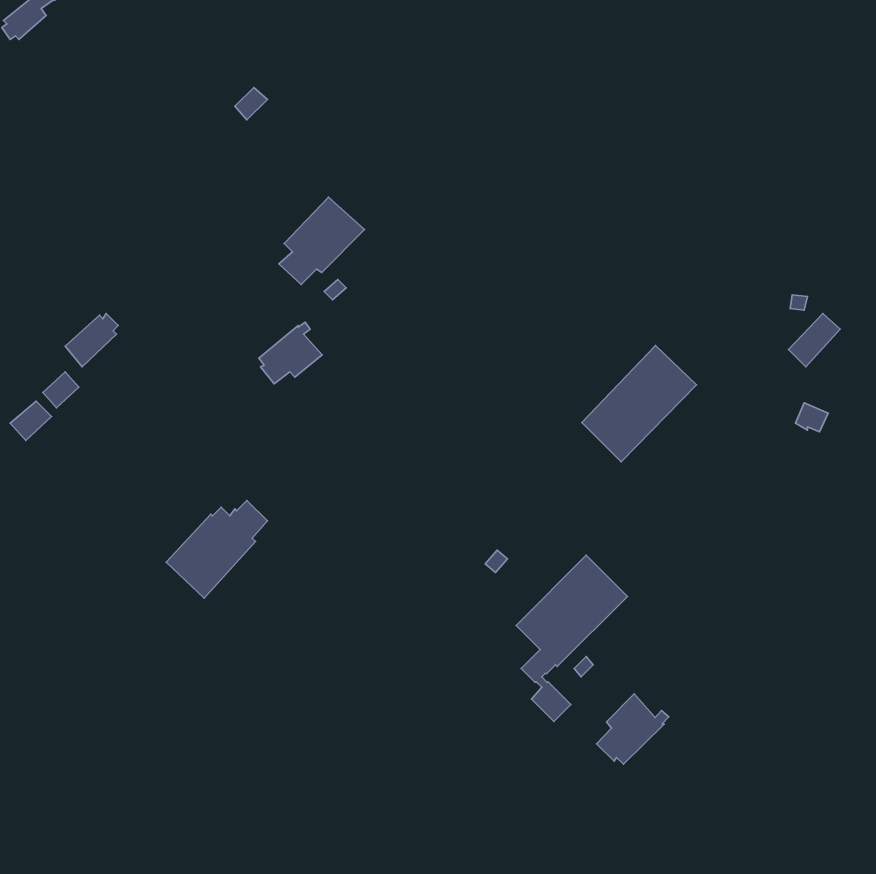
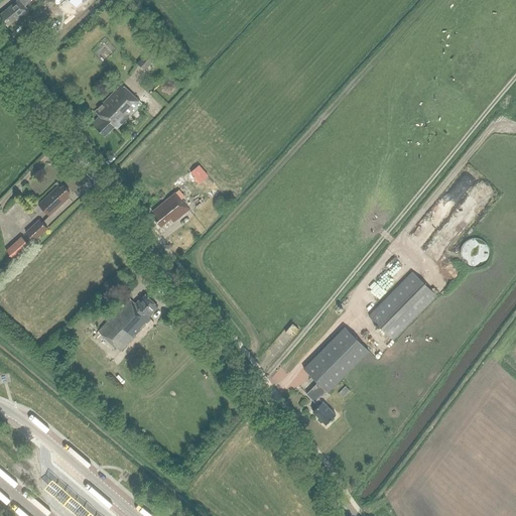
building: [279,197,365,284] -> [92,84,142,135]
building: [582,345,697,462] -> [369,271,436,340]
building: [597,694,669,764] -> none

